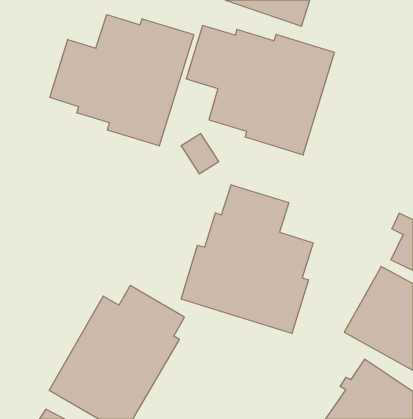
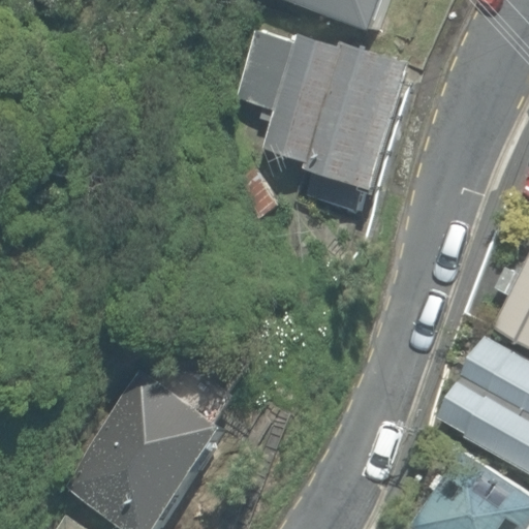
building: [50,15,194,146] -> none
building: [181,185,313,334] -> none

